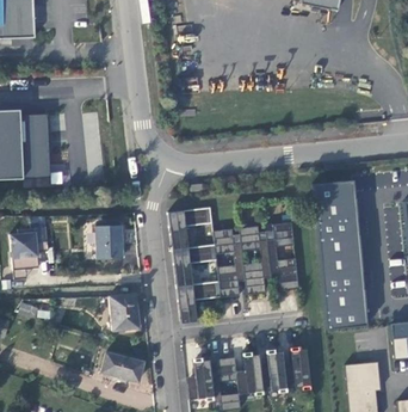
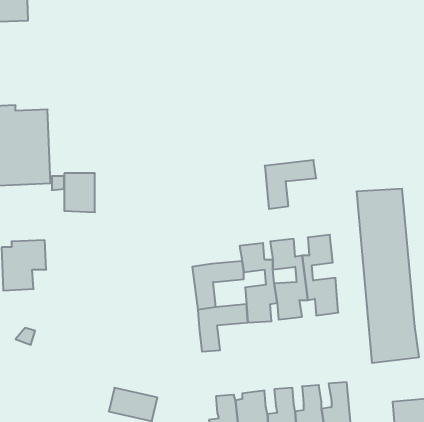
building: [171,207,215,248] -> [265,160,316,209]
building: [98,225,124,258] -> [64,173,95,212]
building: [112,296,140,330] -> none

